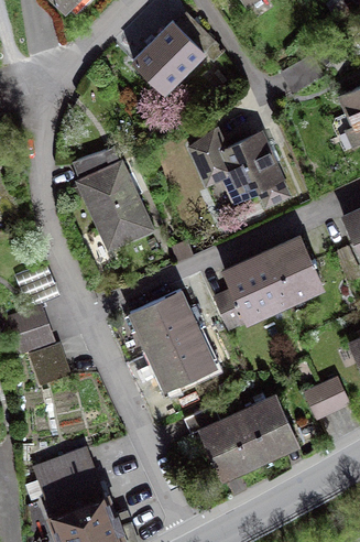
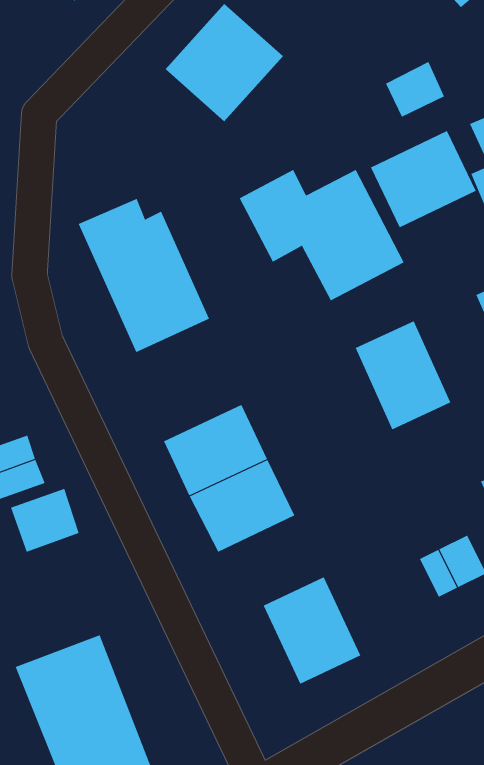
building: none -> [370,130,476,228]
building: [212,251,284,334] -> none
building: [238,392,296,462] -> none

